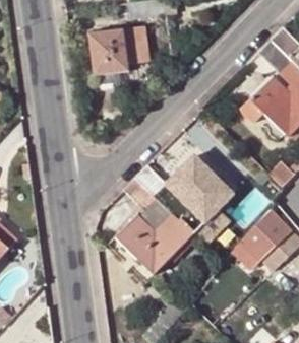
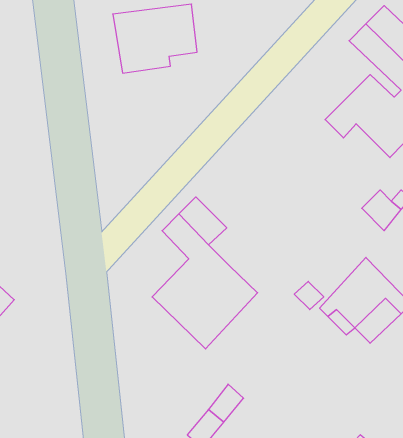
building: [172,157,231,234] -> none

